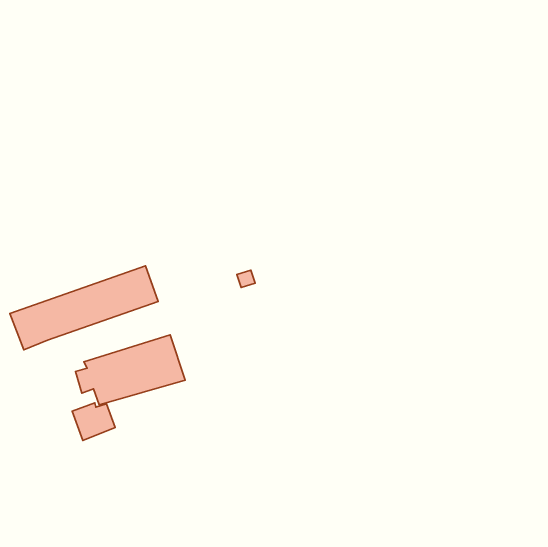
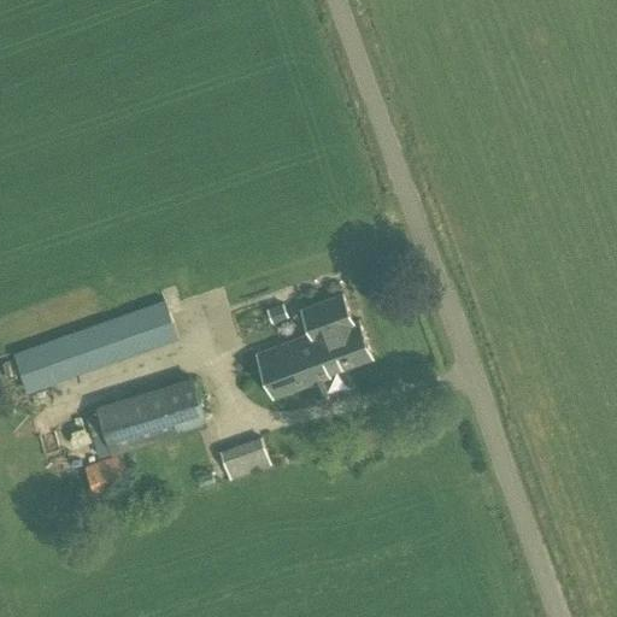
building: none -> [254,296,370,401]
building: none -> [218,439,270,481]

